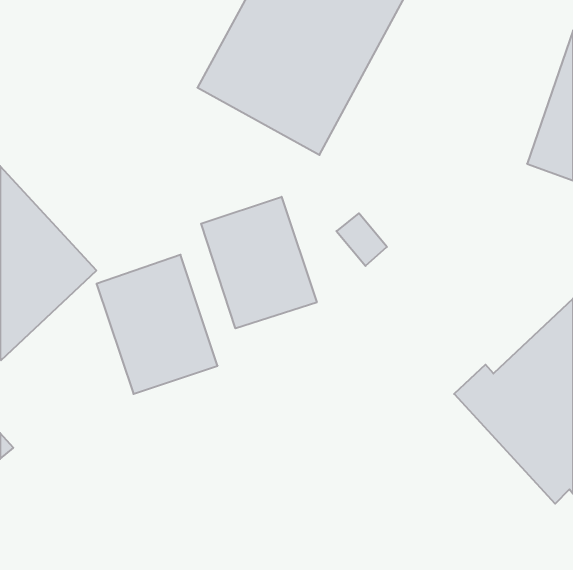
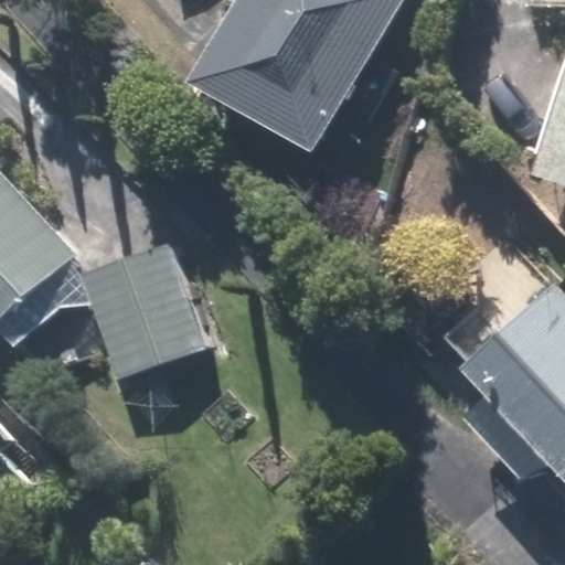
building: [201,197,317,328] -> none

